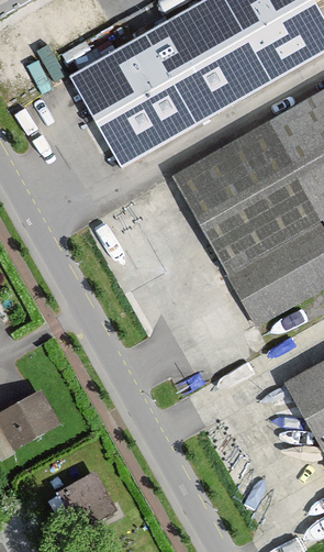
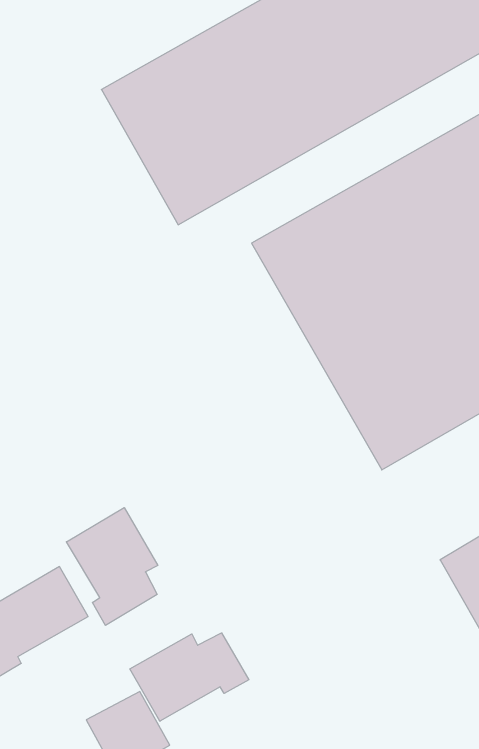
building: none -> [66,508,158,625]
building: none -> [130,633,249,721]

